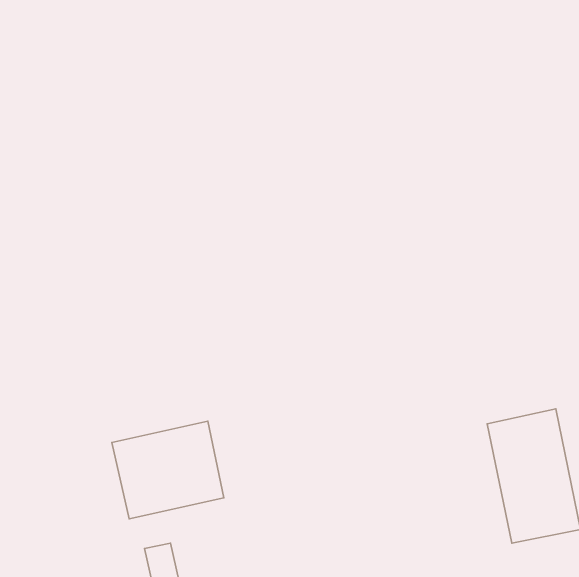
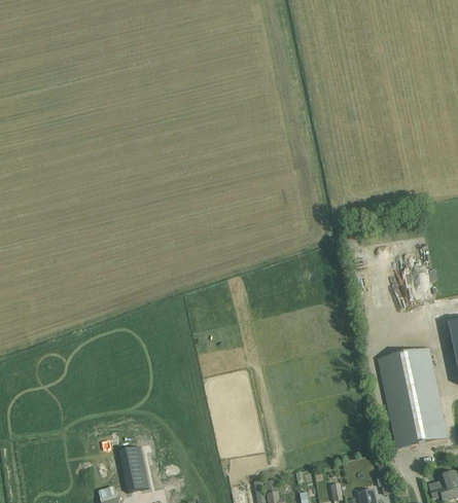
building: [112,421,224,519] -> none

